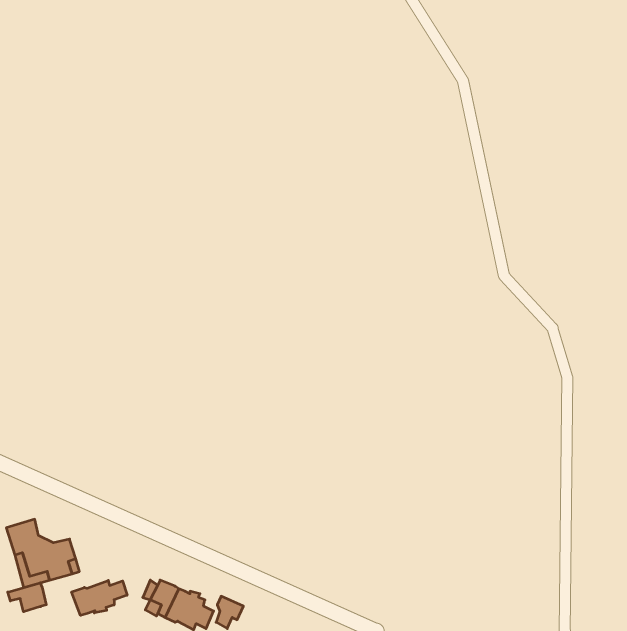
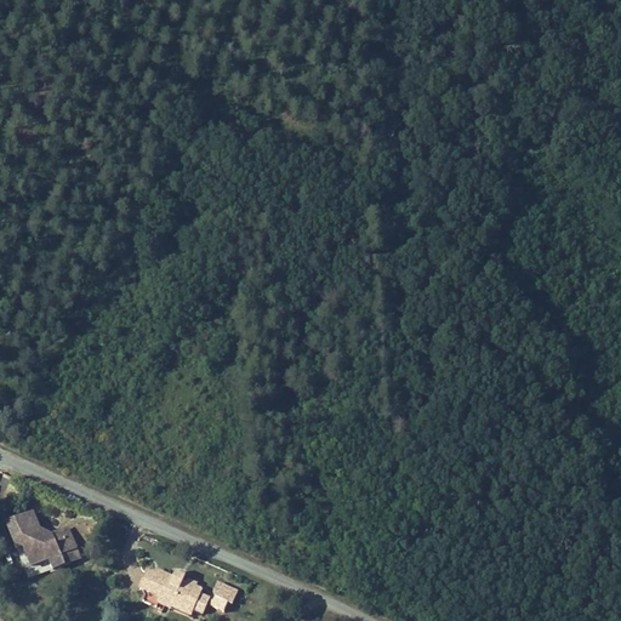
building: [72,580,127,615] -> none
building: [8,583,46,612] -> none

